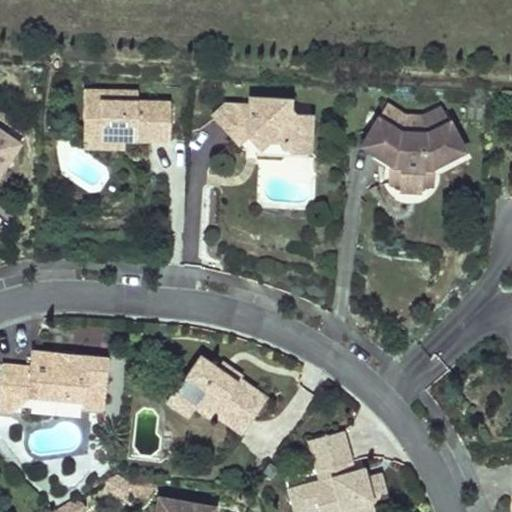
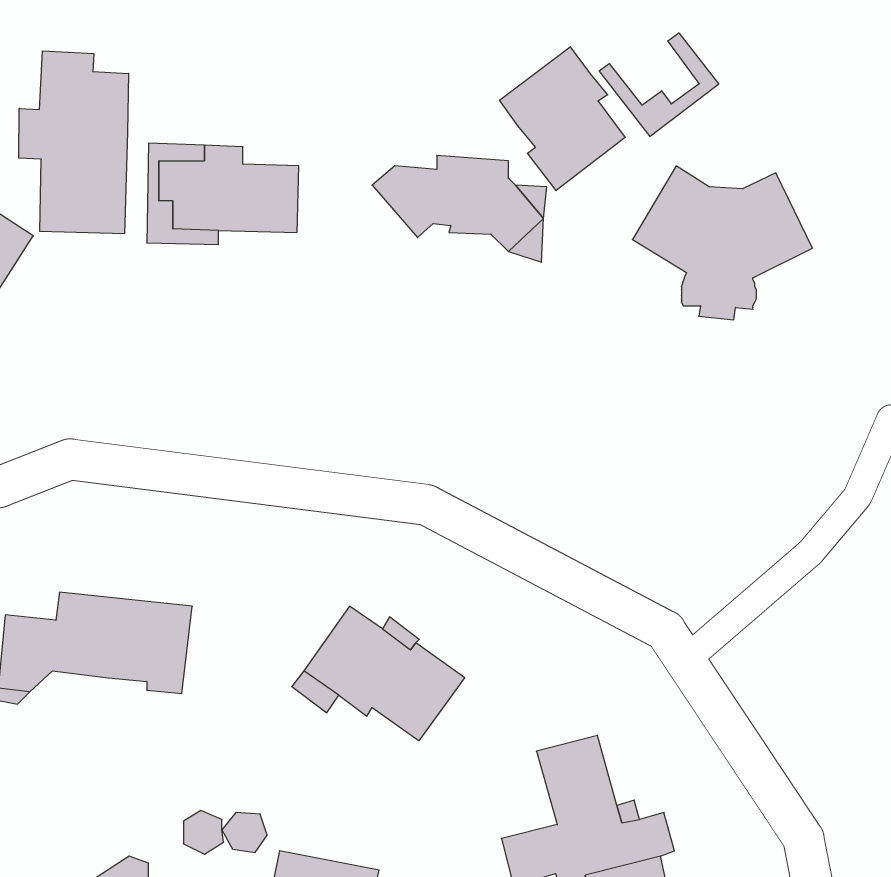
building: none -> [599,33,719,137]
building: none -> [500,47,625,191]
building: none -> [19,51,128,234]

